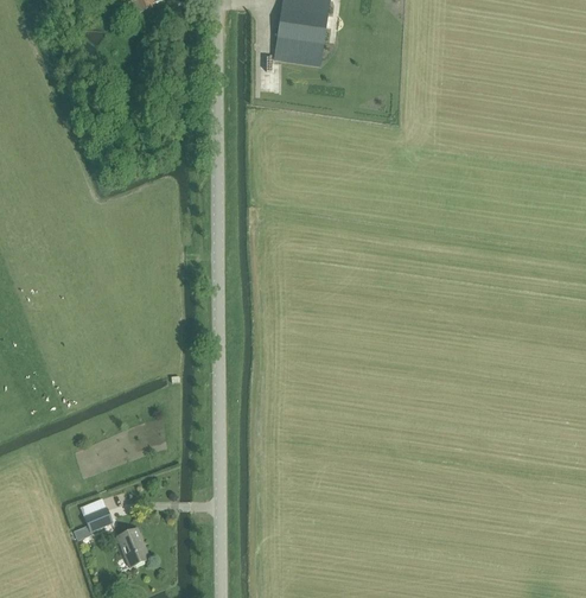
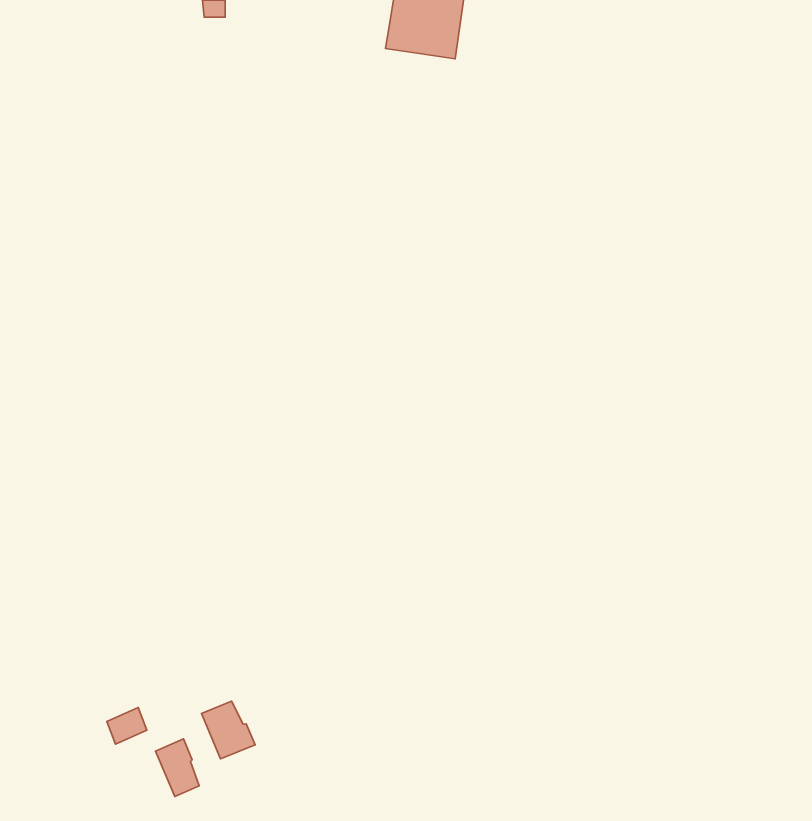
building: none -> [201,701,255,759]

